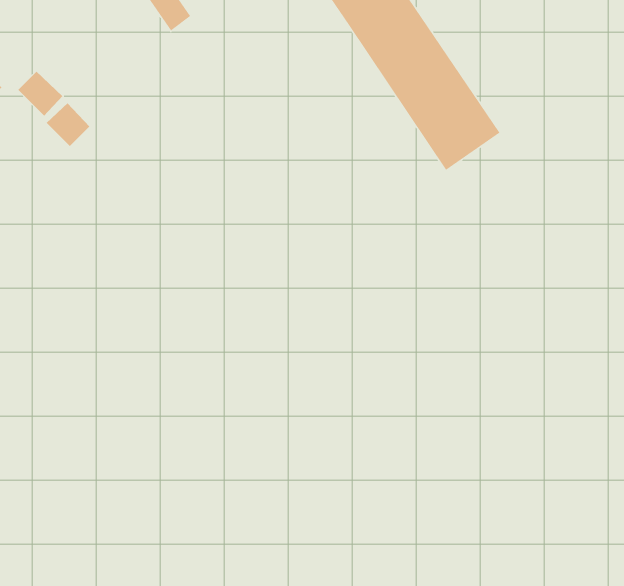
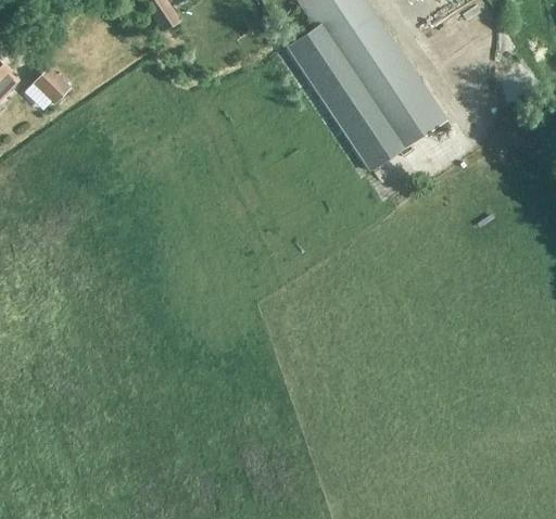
building: none -> [288,27,400,170]
building: [46,102,90,147] -> none

